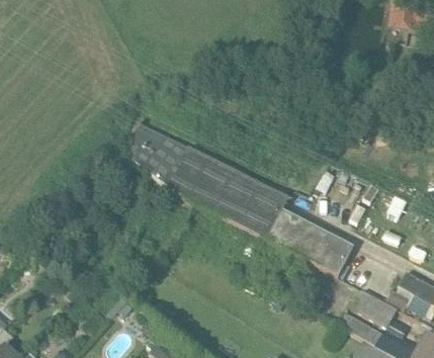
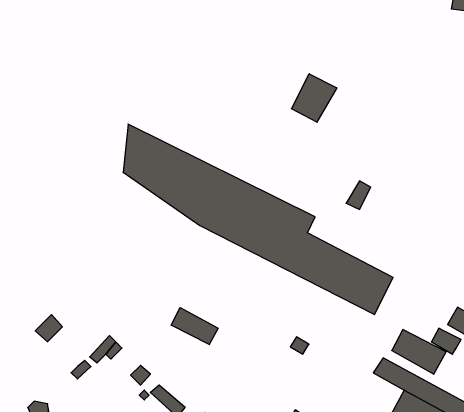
building: none -> [291,74,337,122]
building: none -> [171,308,218,345]

